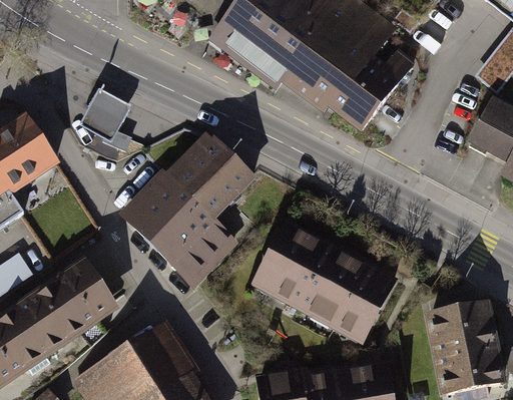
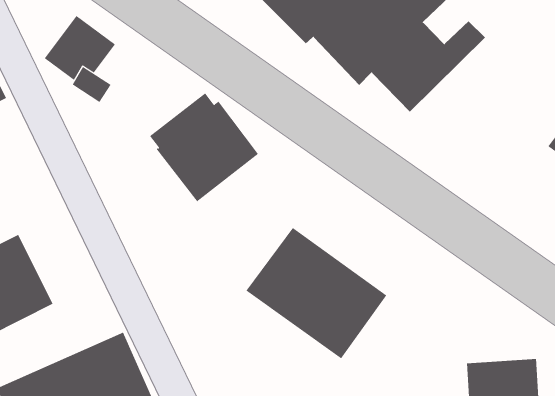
building: [121,170,232,283] -> none
building: [336,270,391,338] -> none

